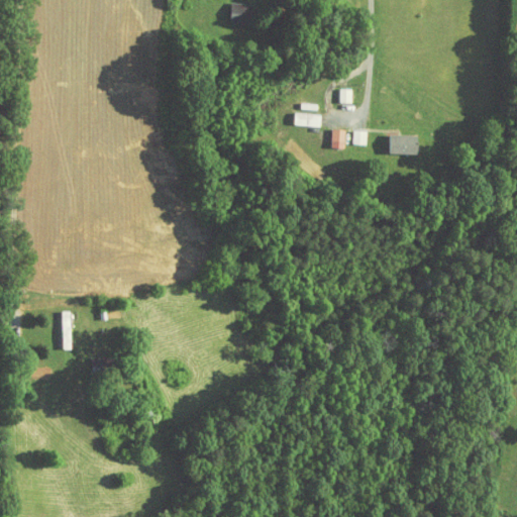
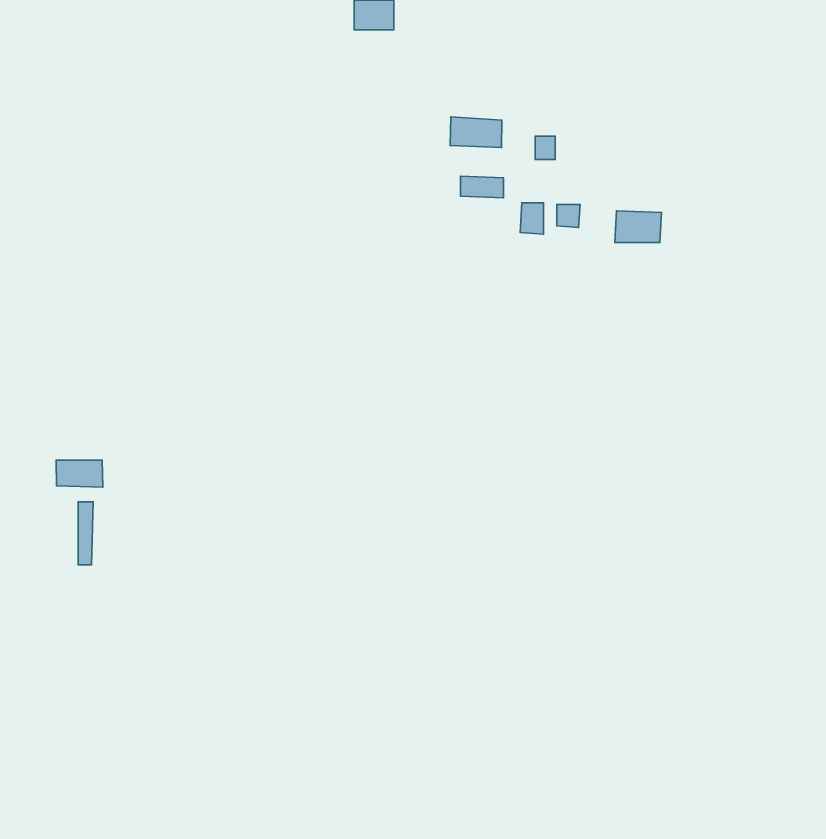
building: none -> [450,117,502,147]
building: none -> [56,460,103,487]

